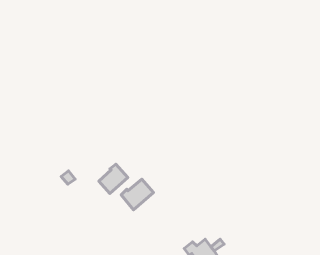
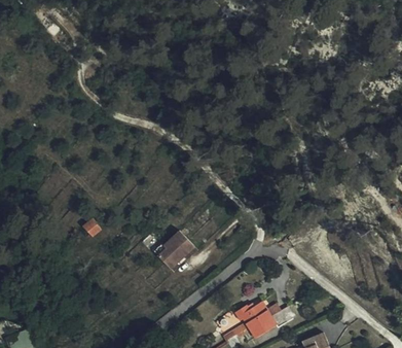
building: [99,164,128,193] -> none

